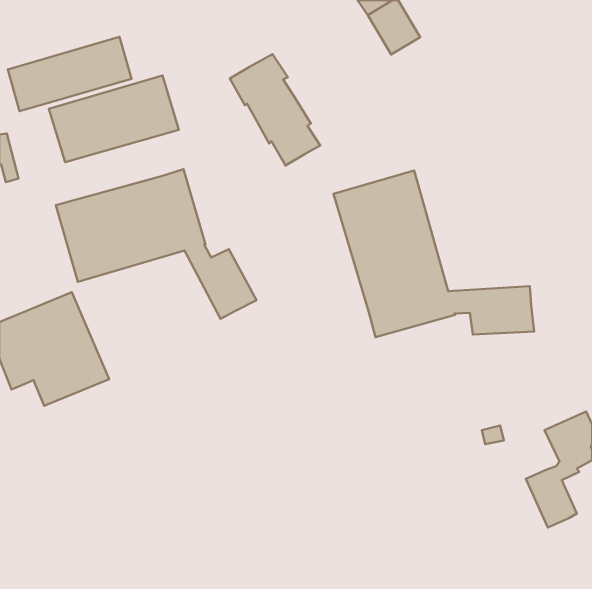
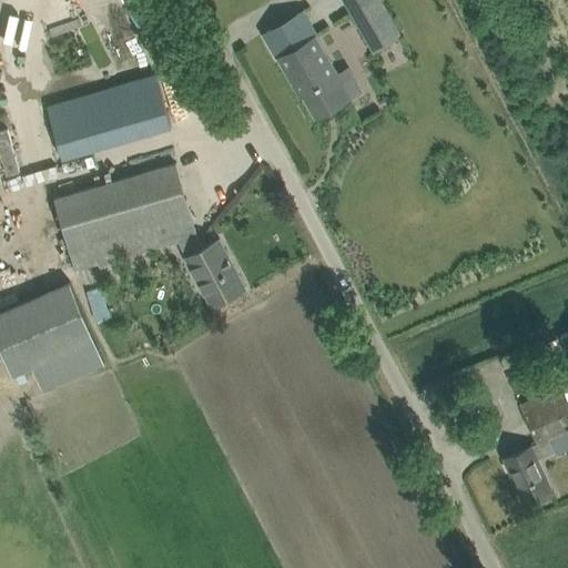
building: [8,37,131,111] -> none
building: [230,54,320,165] -> [262,13,348,120]
building: [333,171,534,337] -> none

